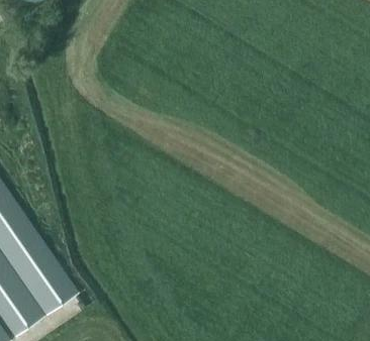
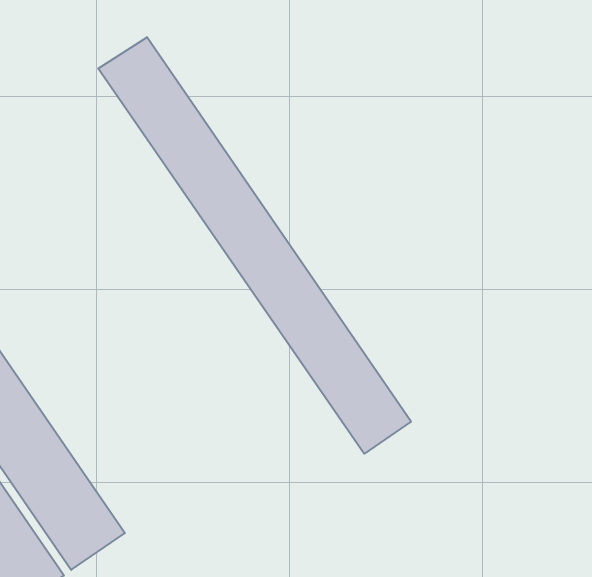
building: none -> [98,37,411,454]

